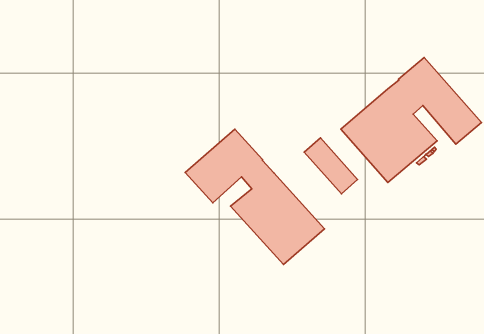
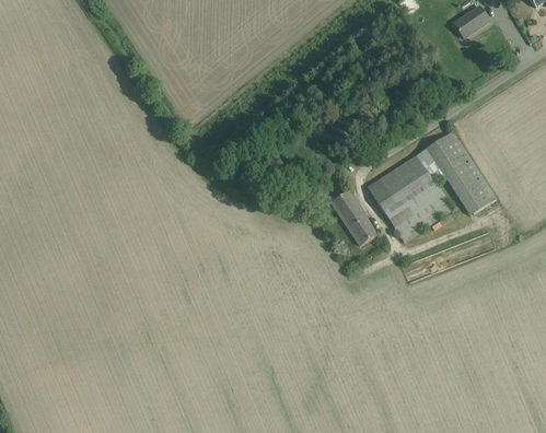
building: [185,129,324,264] -> none

